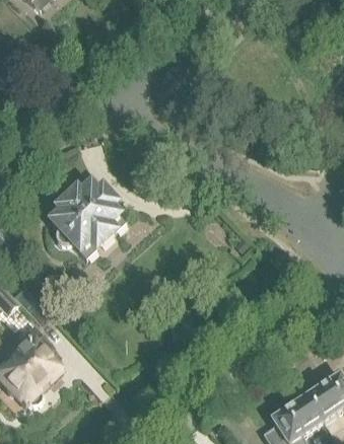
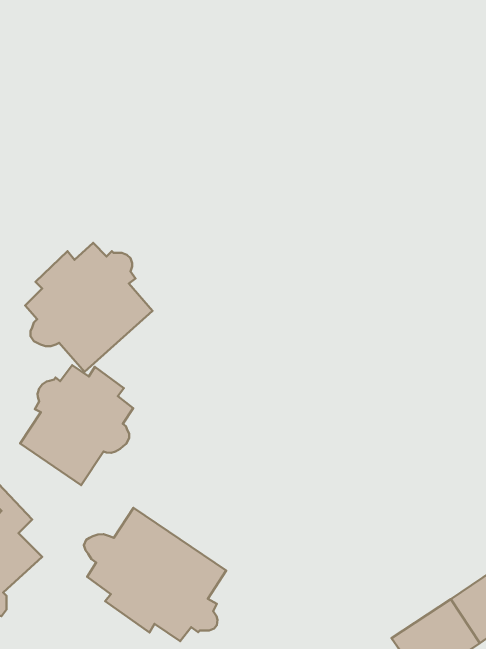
building: none -> [20,365,133,485]
building: none -> [84,508,226,641]

